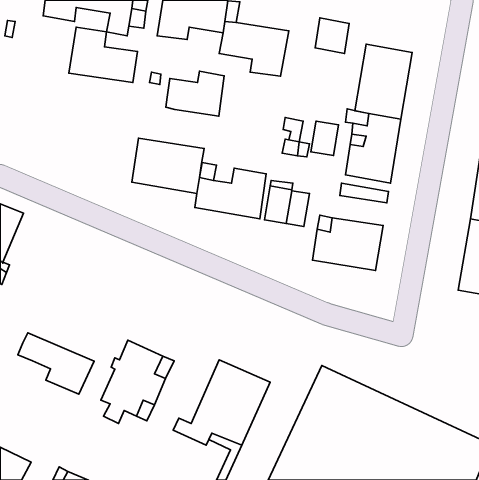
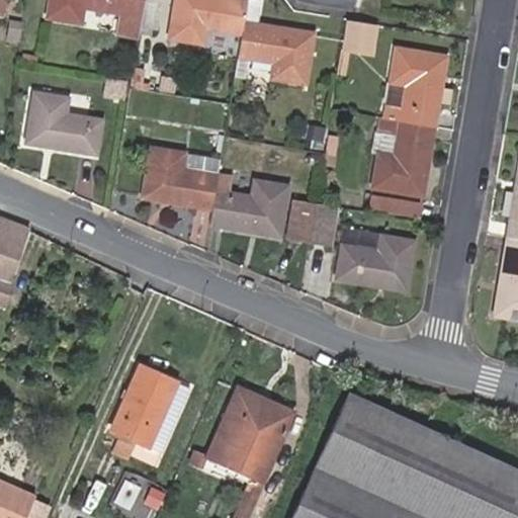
building: [69,27,137,83] -> [27,94,101,154]
building: [166,71,224,116] -> none
building: [311,121,339,155] -> none
building: [18,333,94,394] -> none

